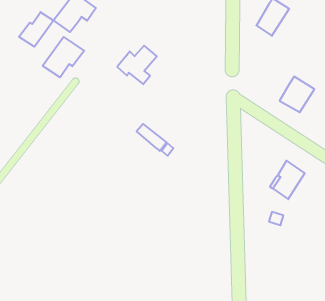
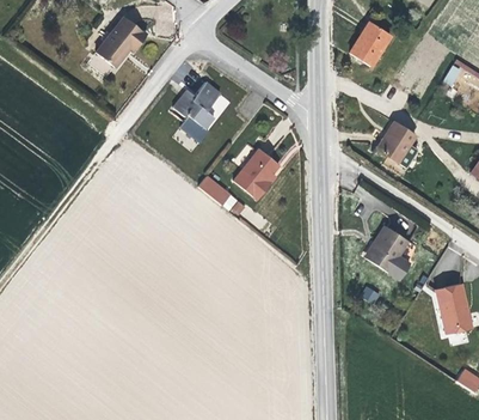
building: [19,12,53,47] -> none
building: [43,37,84,77] -> none
building: none -> [233,150,278,202]

